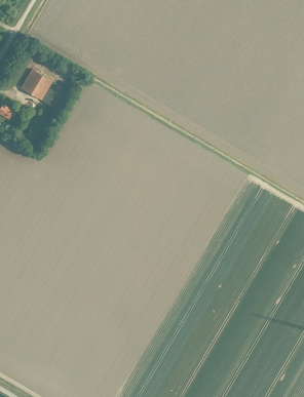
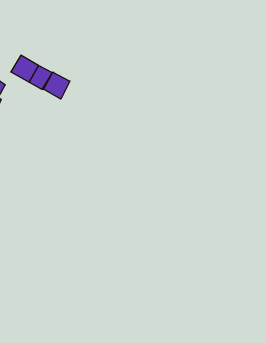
building: none -> [43,72,70,99]

